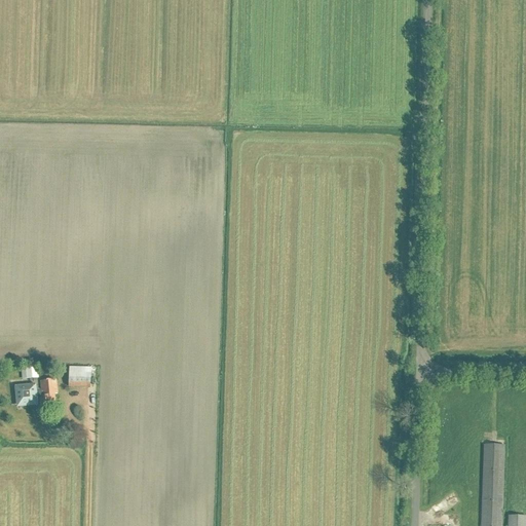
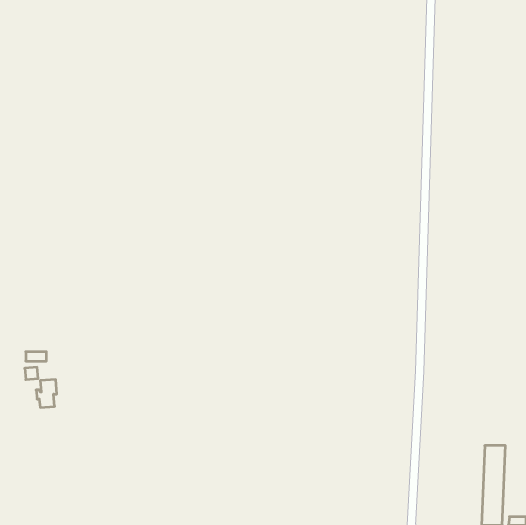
building: [68,367,89,387] -> none
building: [14,383,37,406] -> none

